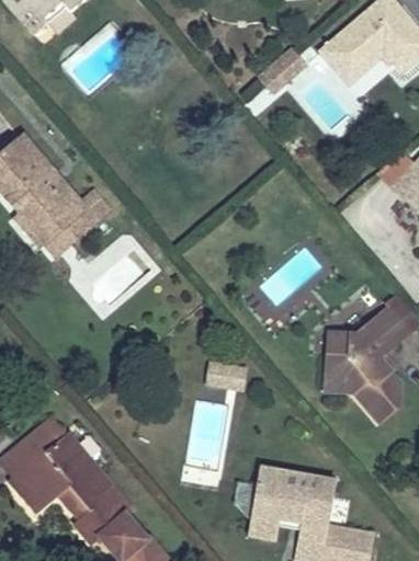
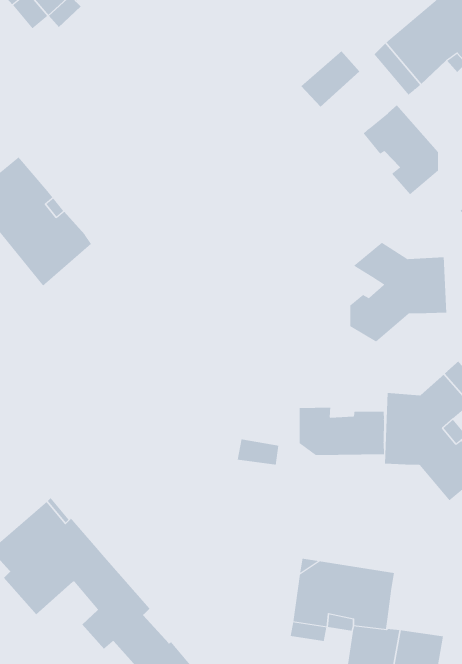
building: none -> [363,104,439,195]
building: [44,192,109,257] -> none
building: none -> [350,242,447,342]
building: none -> [299,407,384,456]

